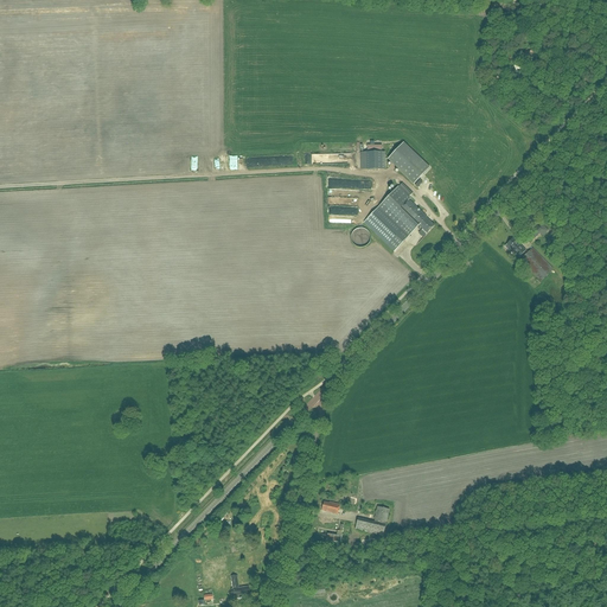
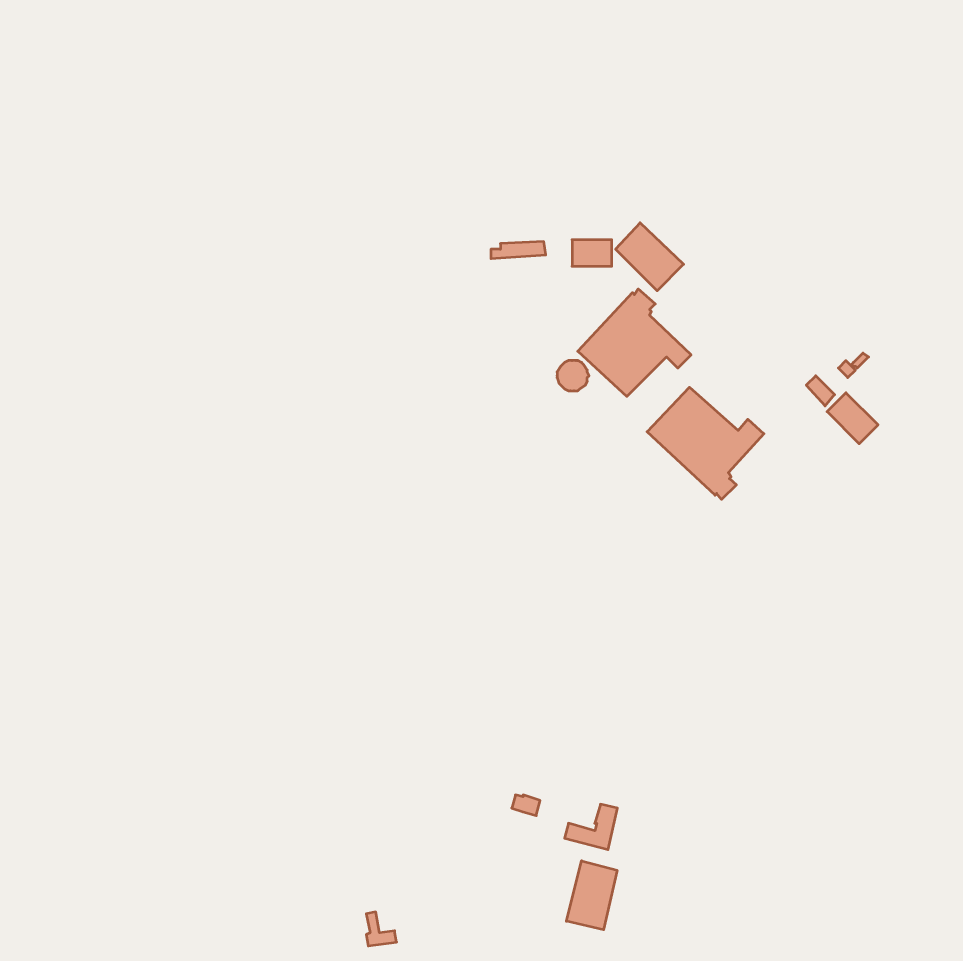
building: none -> [647,387,764,499]
building: none -> [566,861,617,930]

